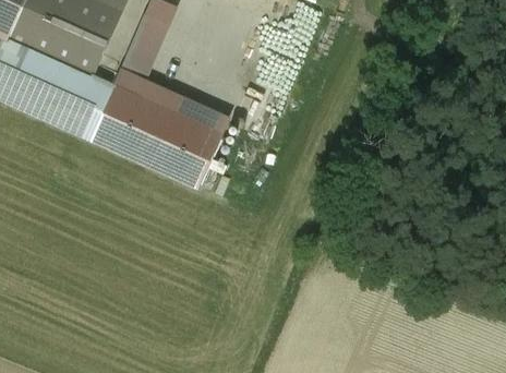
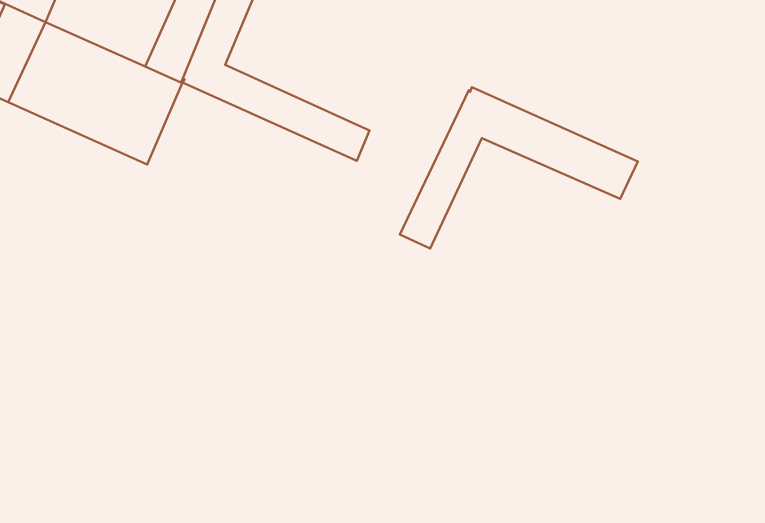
building: [92,87,220,185] -> none
building: none -> [400,87,638,248]

